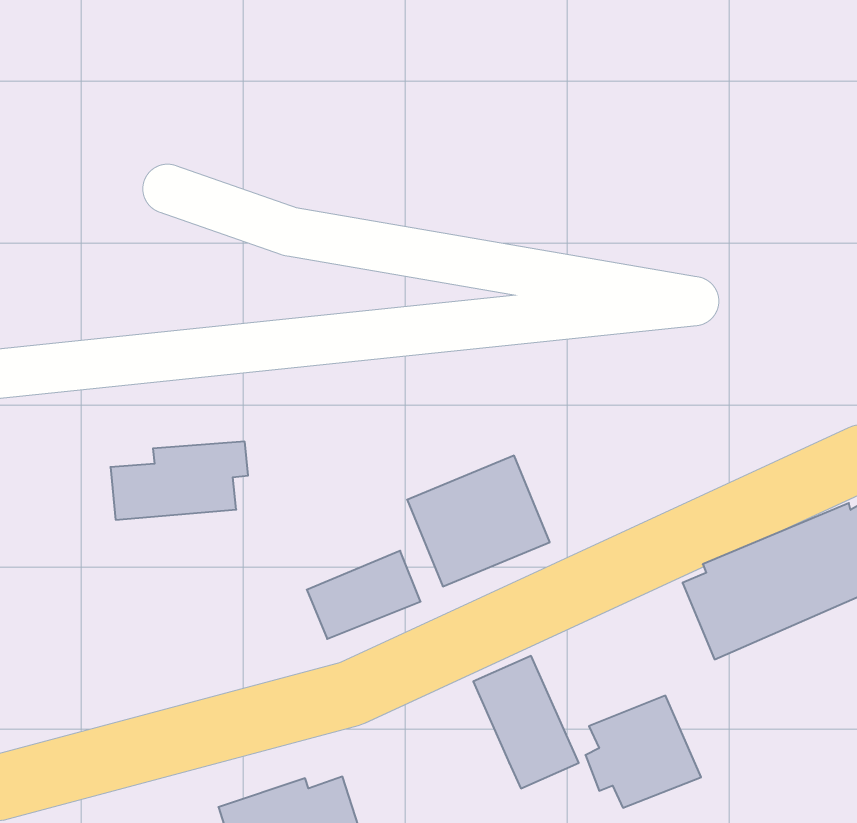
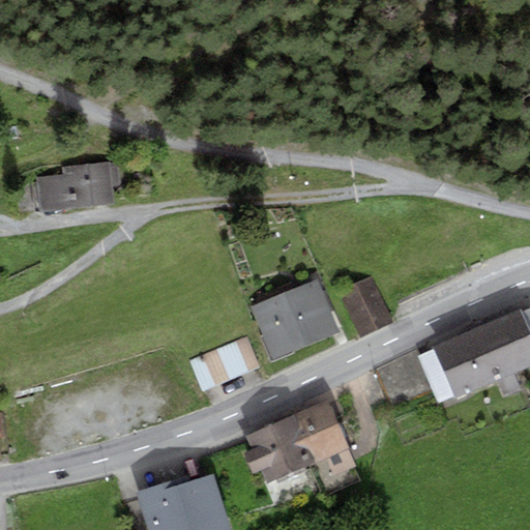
building: [110,442,248,520] -> [35,163,119,210]
building: none -> [340,277,393,338]
building: [585,696,701,808] -> [243,417,314,485]

